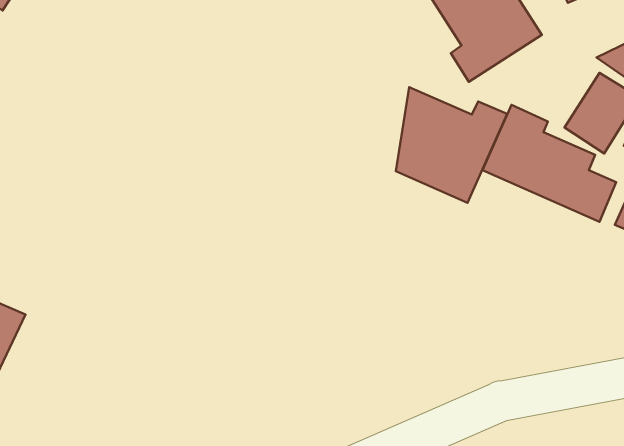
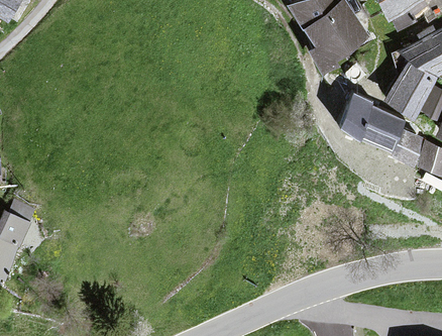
building: [396,87,507,203] -> none

